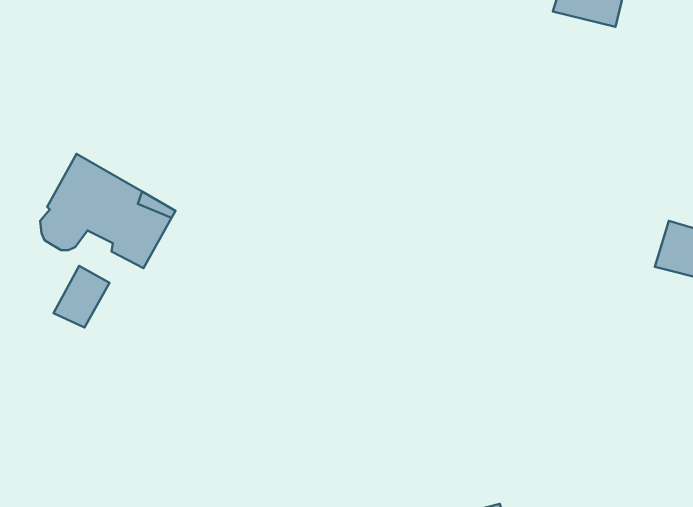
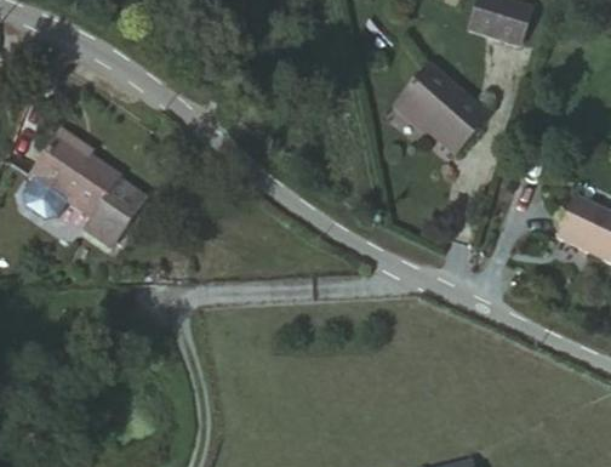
building: none -> [400,78,497,167]
building: [53,266,109,328] -> none

